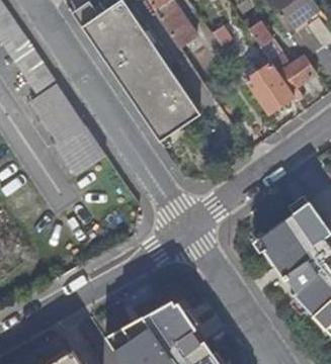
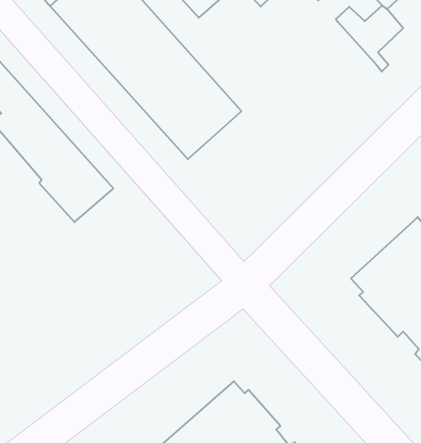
building: [245,62,295,113] -> none

